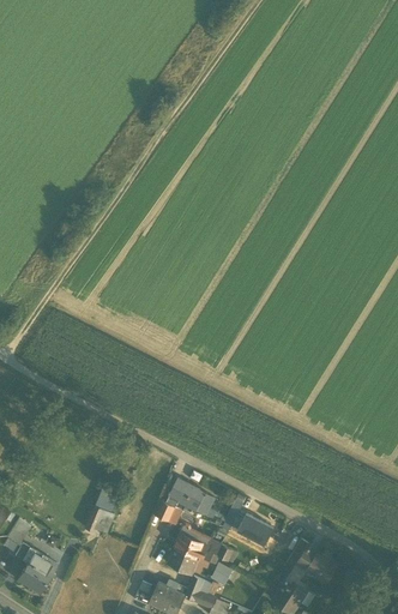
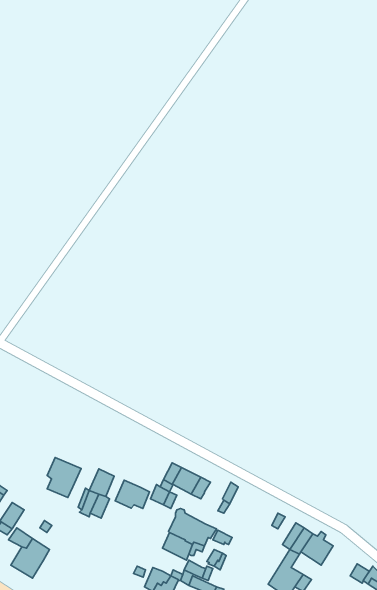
building: none -> [47,457,81,497]
building: none -> [115,480,150,508]
building: [237,513,273,544] -> none

